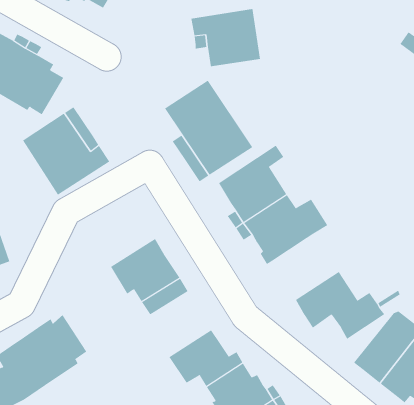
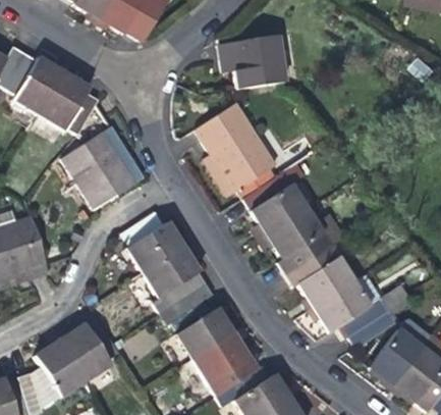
building: none -> [121,214,183,275]
building: none -> [286,245,353,306]
building: none -> [180,309,235,359]

